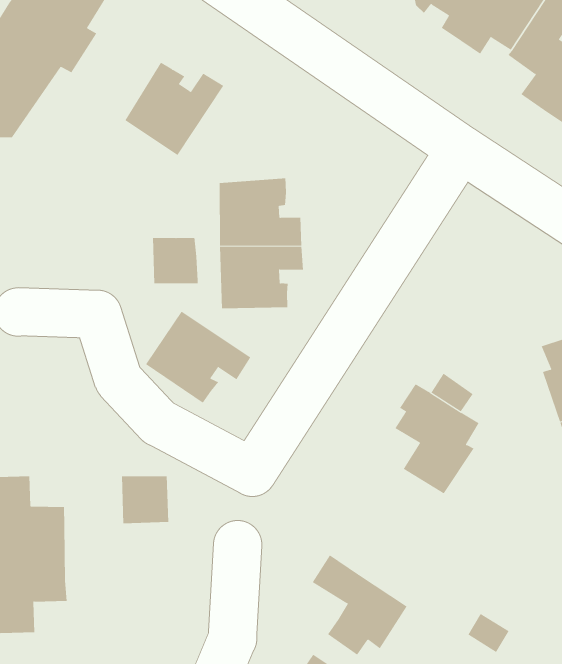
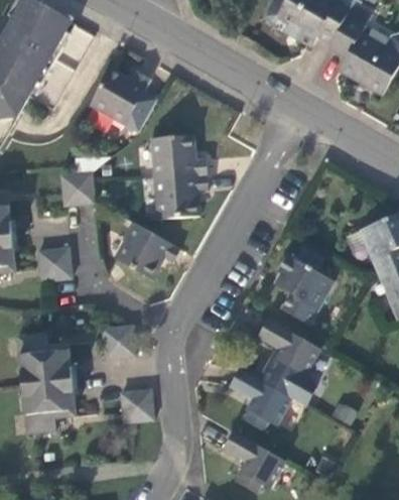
building: [152,237,199,284] -> [62,171,94,203]
building: none -> [39,247,72,279]
building: none -> [257,319,319,405]
building: none -> [122,389,155,422]

